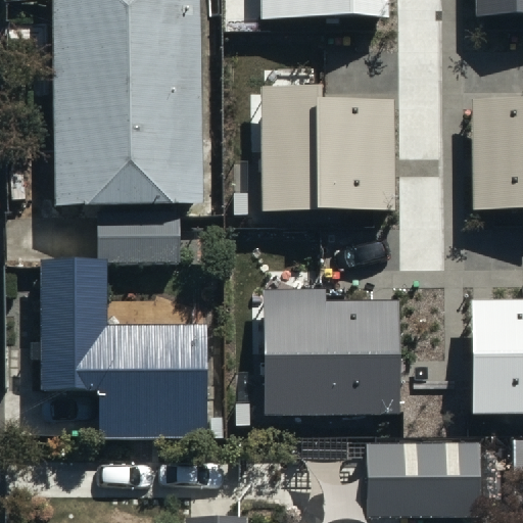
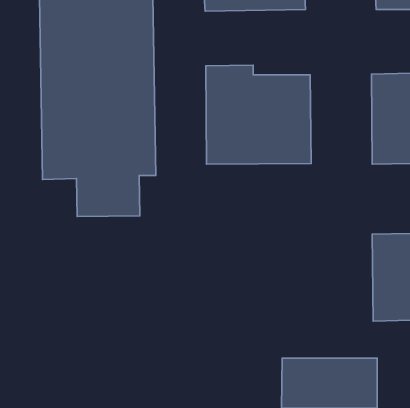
building: [38,277,204,451] -> none
building: [267,286,401,412] -> none

